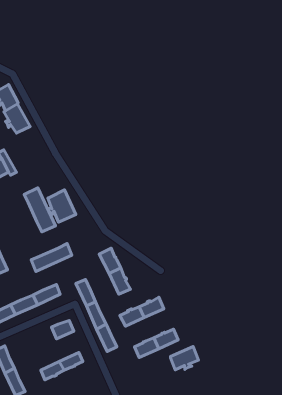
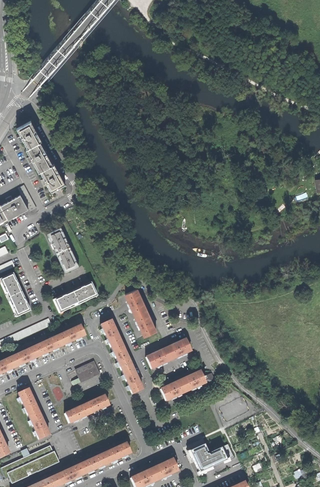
building: none -> [41,162,65,190]
building: [48,190,76,222] -> none
building: [170,346,199,370] -> none

